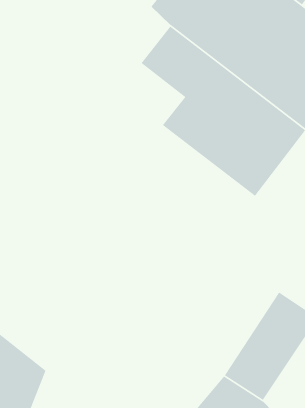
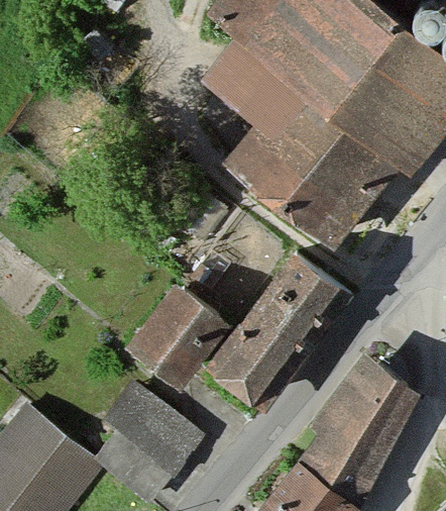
building: none -> [203,252,345,409]
building: none -> [119,285,222,393]
building: none -> [85,386,196,501]

